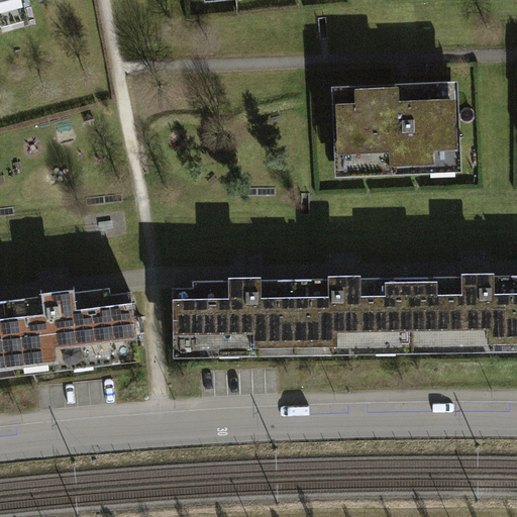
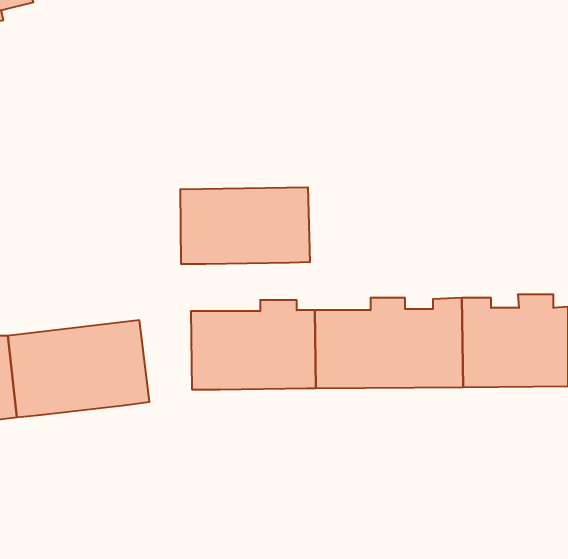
building: [333,74,459,169] -> none
building: none -> [181,187,310,264]

